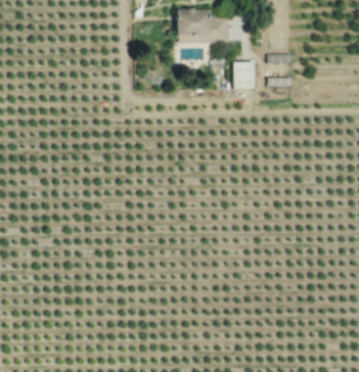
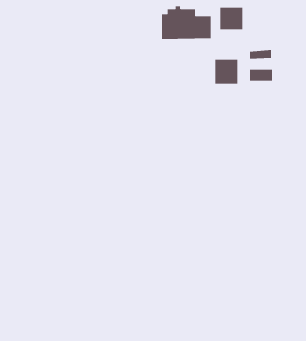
building: none -> [220,7,243,30]

